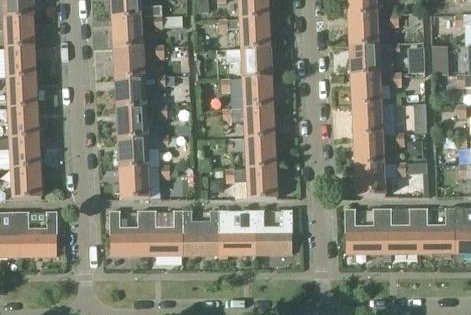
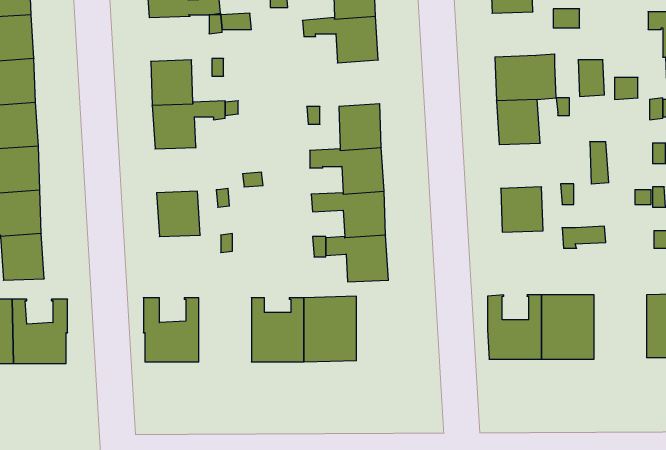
building: [348,14,378,45] -> none
building: [113,17,142,48] -> none
building: [226,47,271,79] -> none
building: [353,104,382,135] -> none
building: [117,105,167,138] -> none
building: [355,164,385,196] -> none
building: [120,167,149,199] -> none
building: [418,208,454,252] -> none
building: [255,209,292,253] -> none
building: [147,210,183,254] -> none

